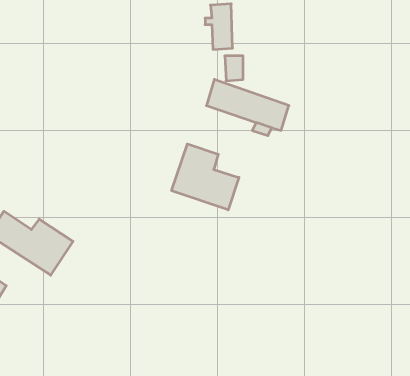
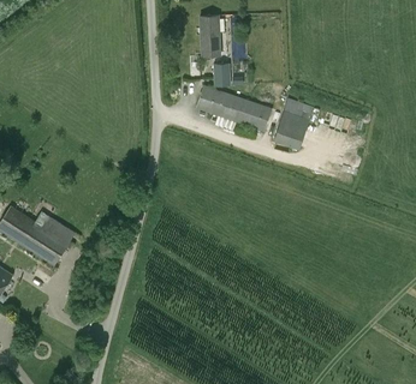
building: none -> [274,98,314,150]
building: [172,144,239,210] -> none

